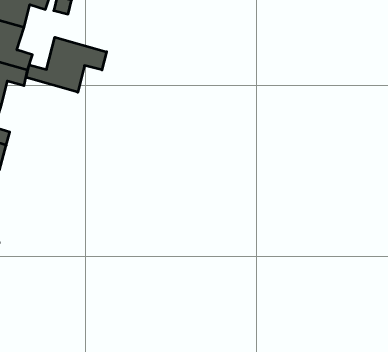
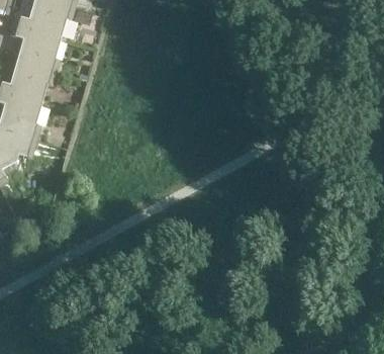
building: [26,37,107,92] -> none

